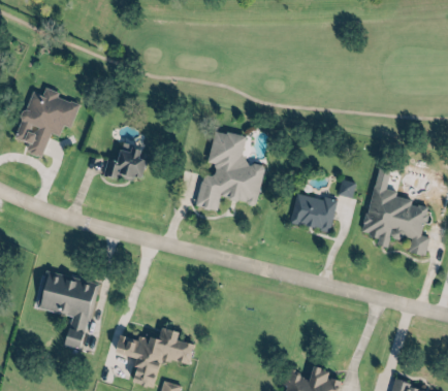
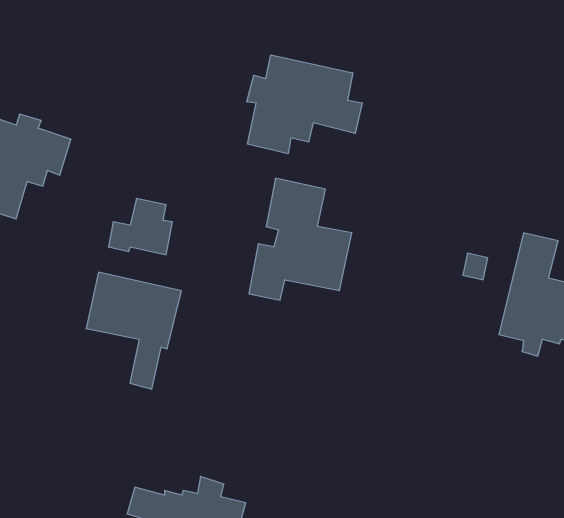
building: none -> [247,55,362,154]
building: [288,194,334,232] -> none
building: [37,271,100,349] -> [86,272,181,389]

